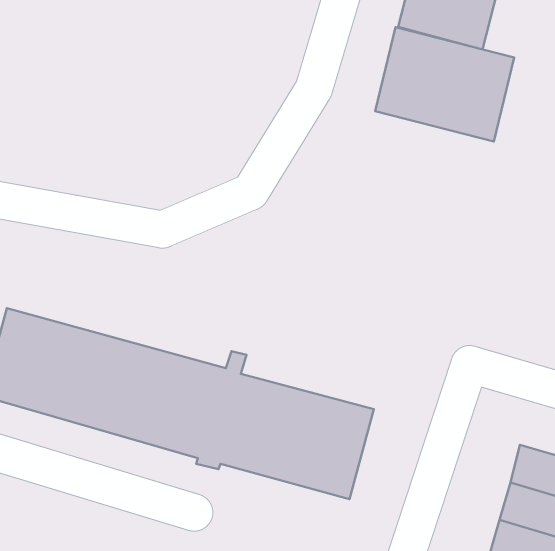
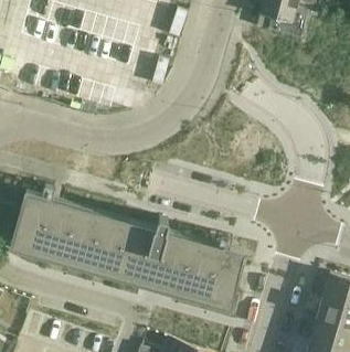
building: [375,27,514,141] -> none

